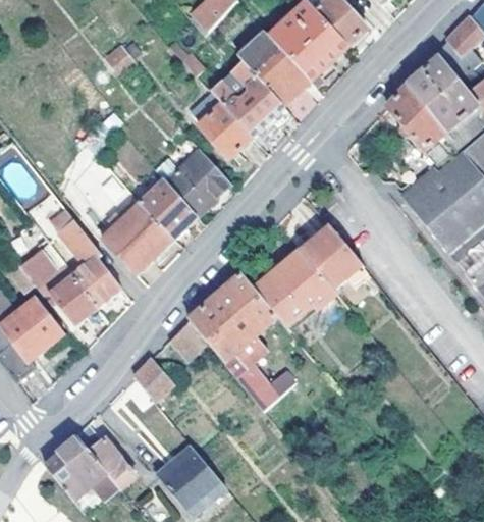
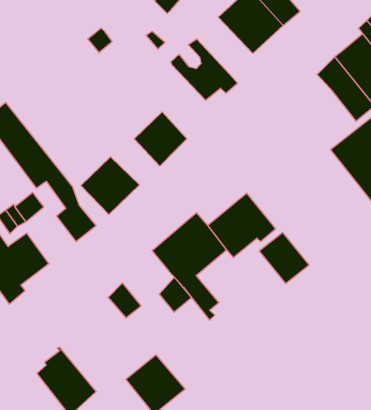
building: [237,33,309,105] -> none
building: [189,93,252,158] -> none
building: [138,178,197,238] -> none
building: [302,225,362,286] -> [259,233,309,283]
building: [50,275,96,323] -> none
building: [169,317,208,359] -> [159,277,191,312]
building: [76,422,137,486] -> none

